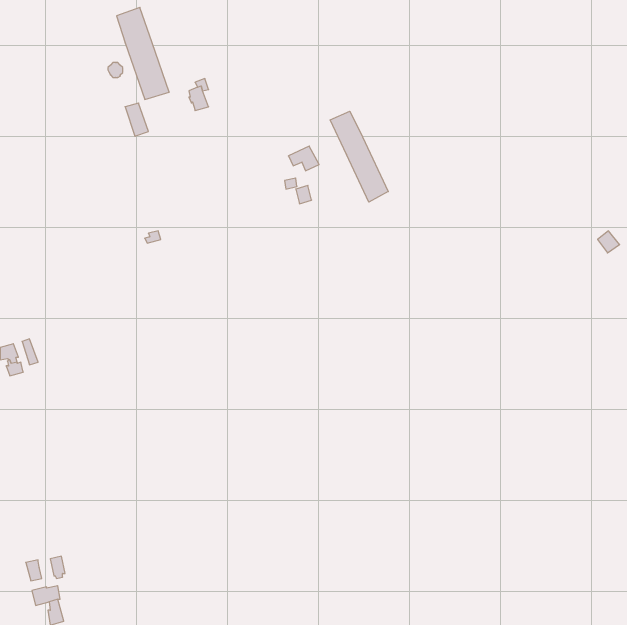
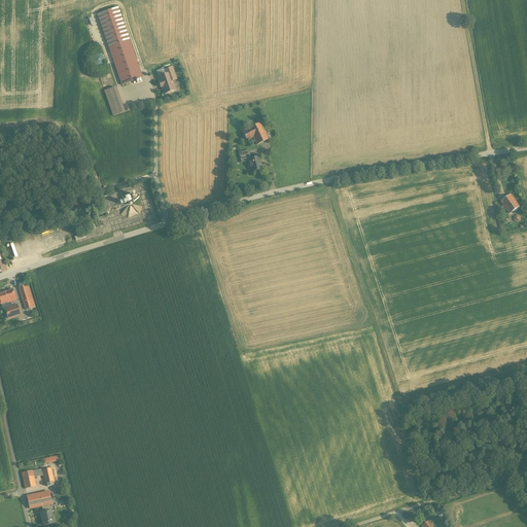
building: [330,111,388,202] -> none

